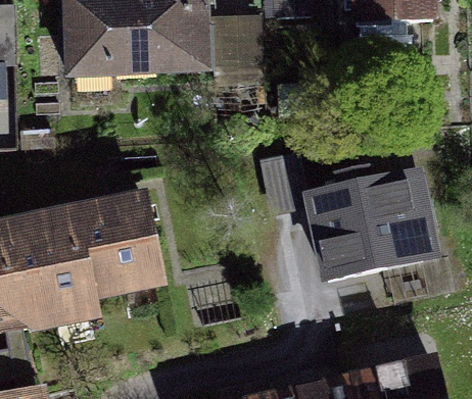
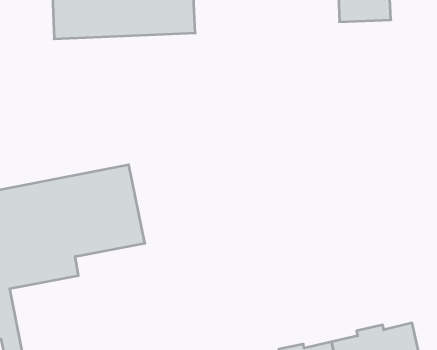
building: [311,140,426,280] -> none

